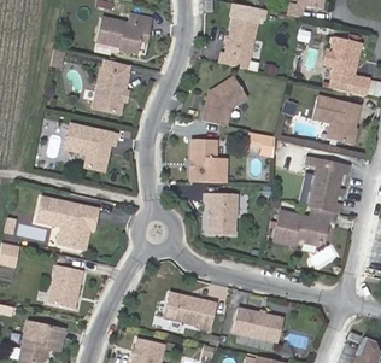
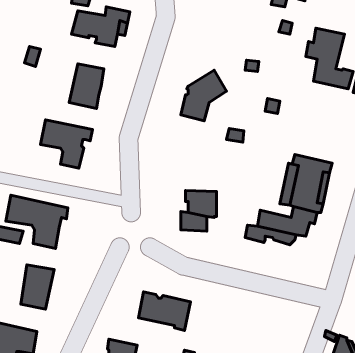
building: [222,16,260,69] -> none
building: [315,96,362,144] -> none
building: [192,140,218,182] -> none
building: [230,306,280,339] -> none

